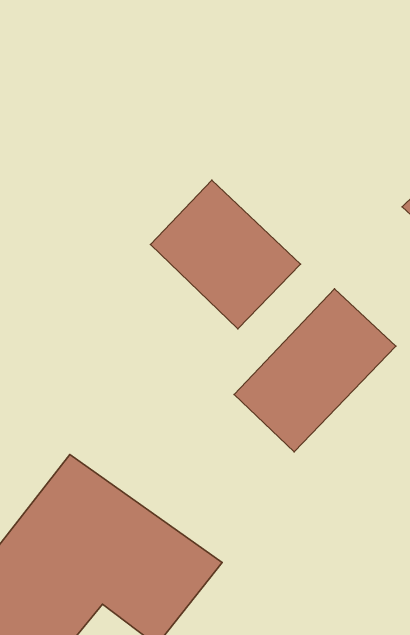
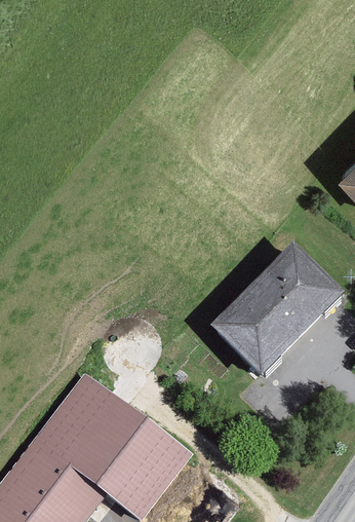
building: [150,180,301,329] -> none

